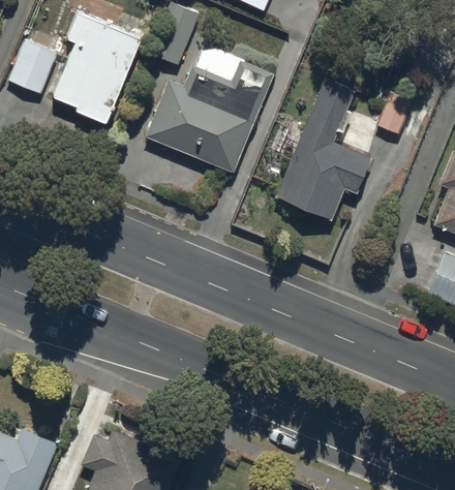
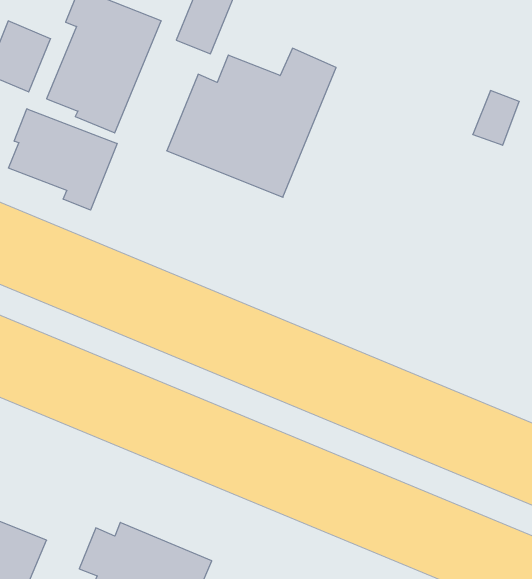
building: [276,80,370,219] -> none
building: none -> [9,109,117,210]

